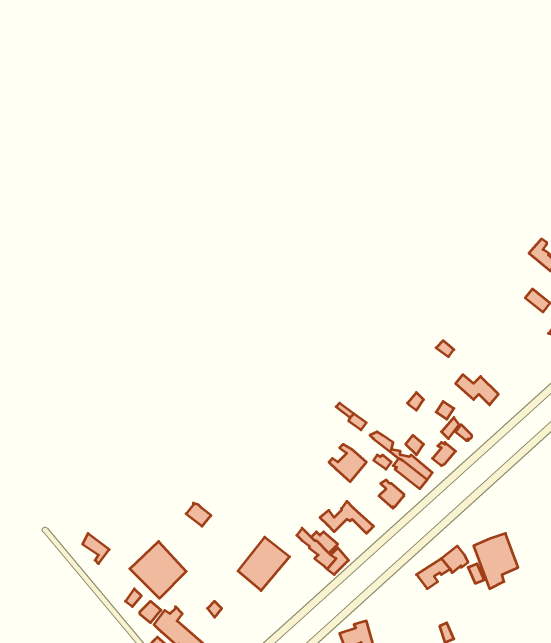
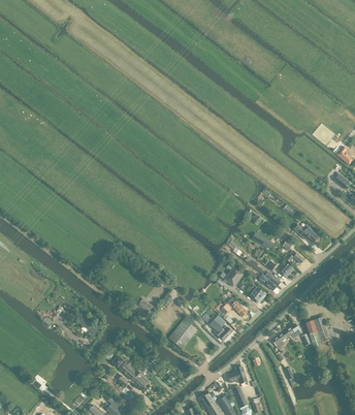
building: [130,541,186,598] -> none

